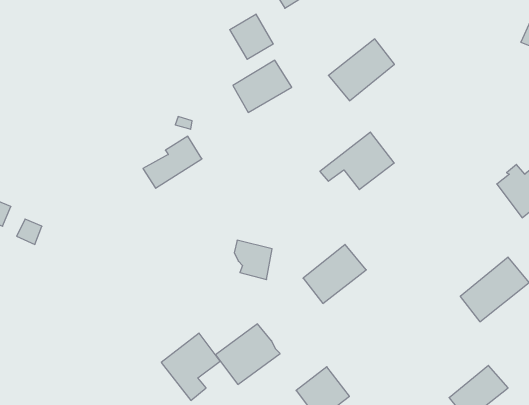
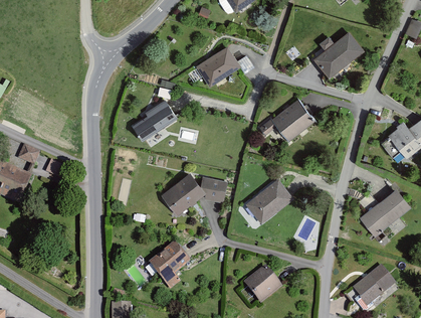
building: [230,14,273,59] -> none
building: [328,39,394,101] -> [317,31,364,75]
building: [215,324,280,384] -> [160,172,206,215]

